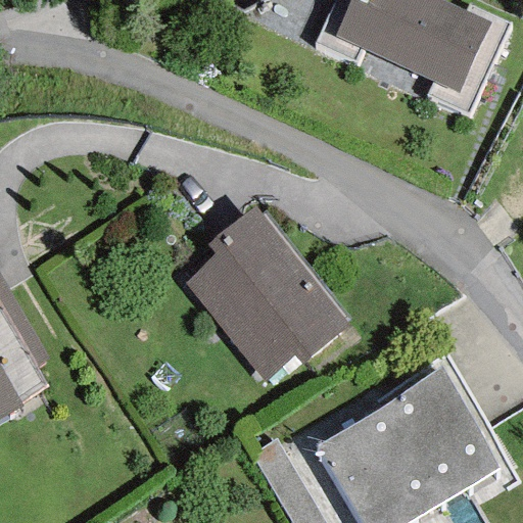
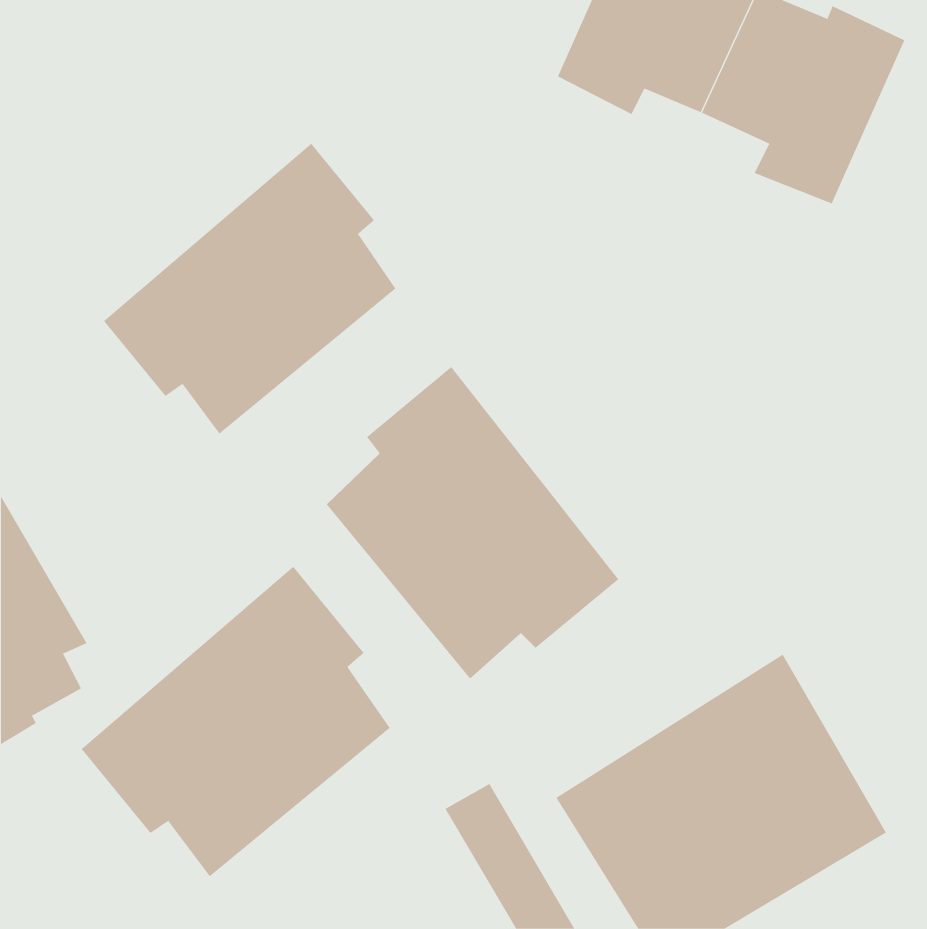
building: none -> [103,143,396,434]
building: none -> [81,566,391,877]

